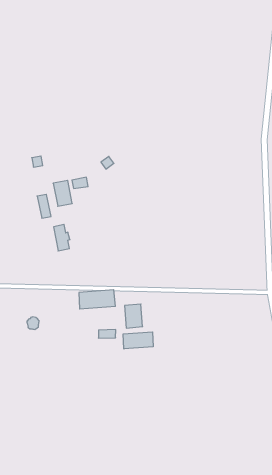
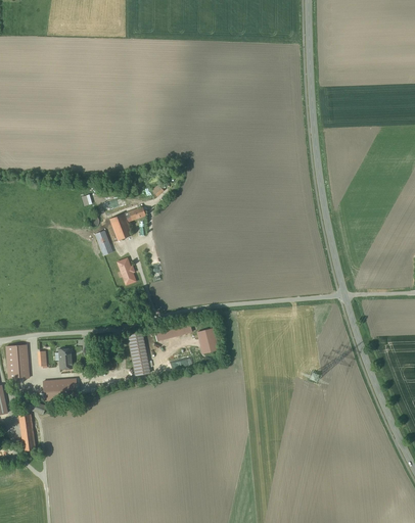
building: none -> [127,333,150,376]
building: [123,332,153,349] -> none

